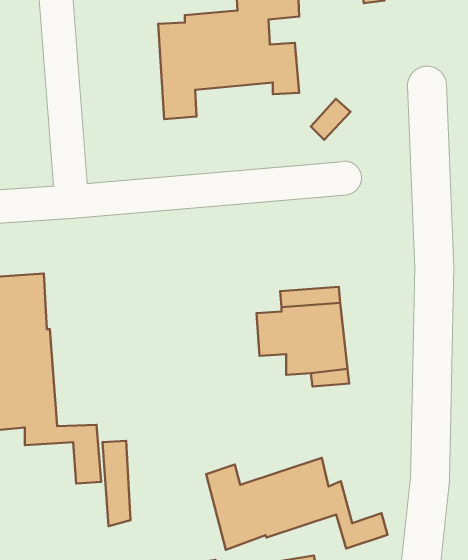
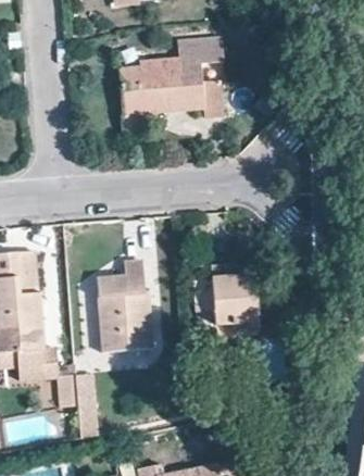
building: none -> [98,258,150,352]
building: [206,458,387,550] -> none

